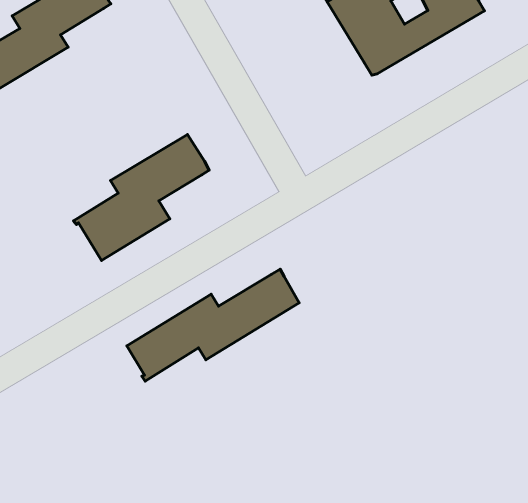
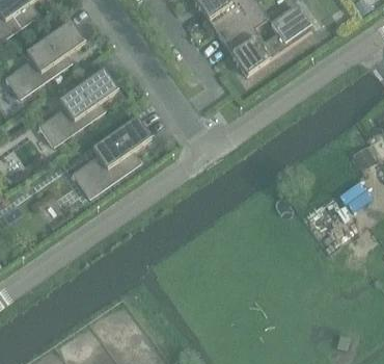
building: none -> [38,68,118,144]
building: [127,269,299,381] -> none

